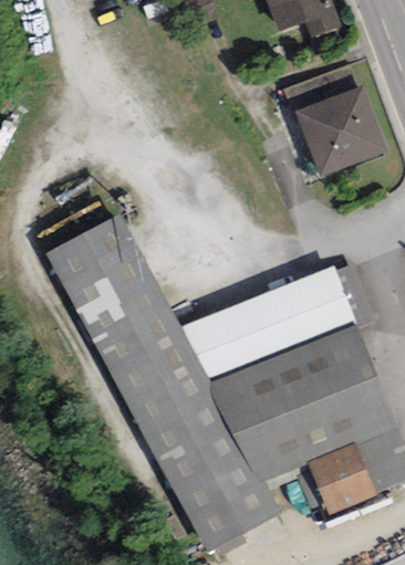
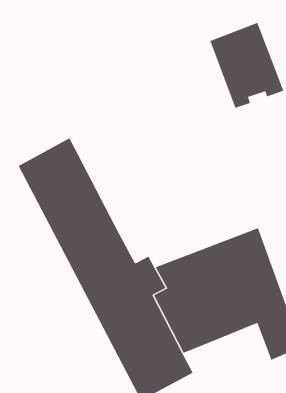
building: [176,266,368,375] -> none
building: [295,446,366,508] -> none

